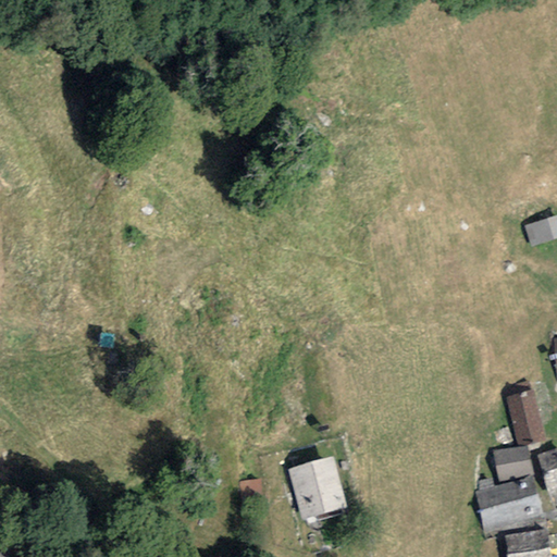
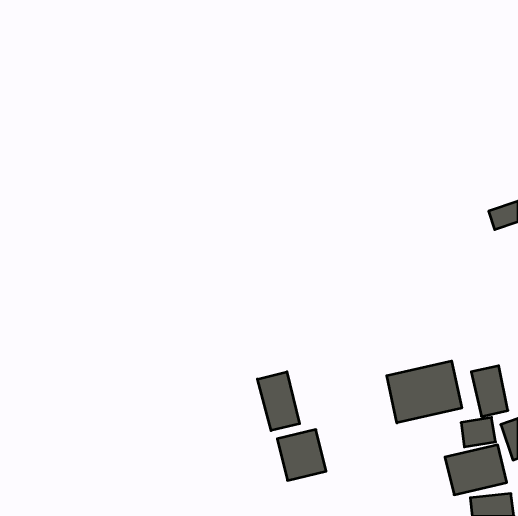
building: none -> [387,361,462,423]
building: none -> [257,372,300,431]

